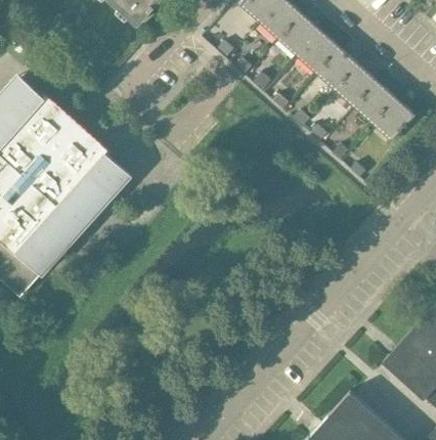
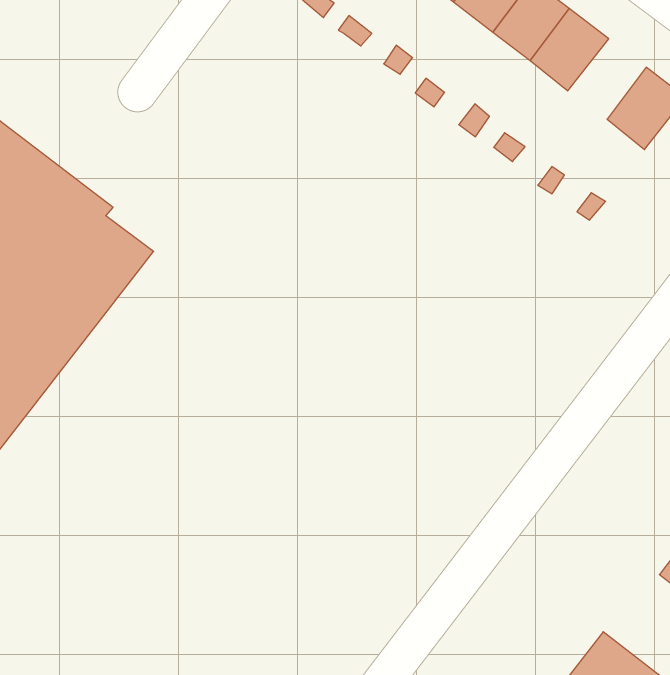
building: [353,82,395,124] -> none

